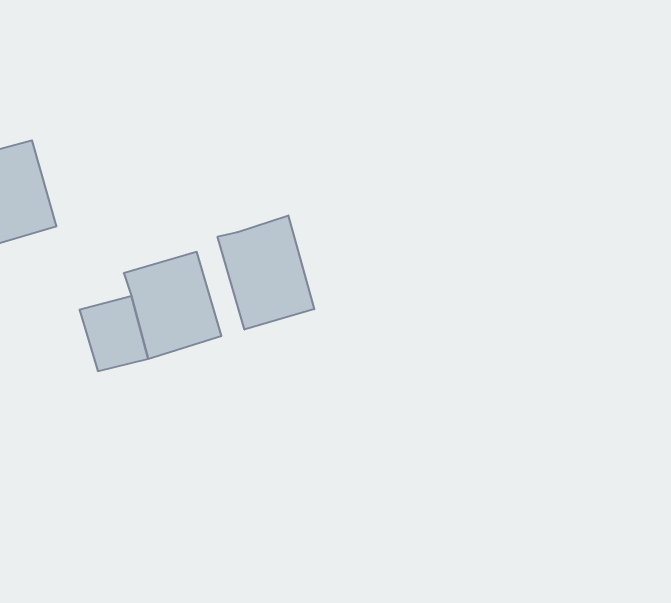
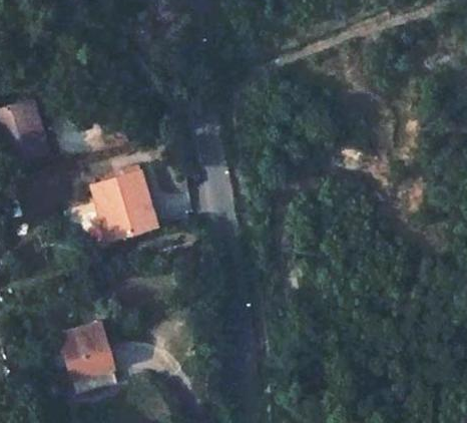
building: [218,215,314,330] -> none
building: none -> [61,322,118,395]

